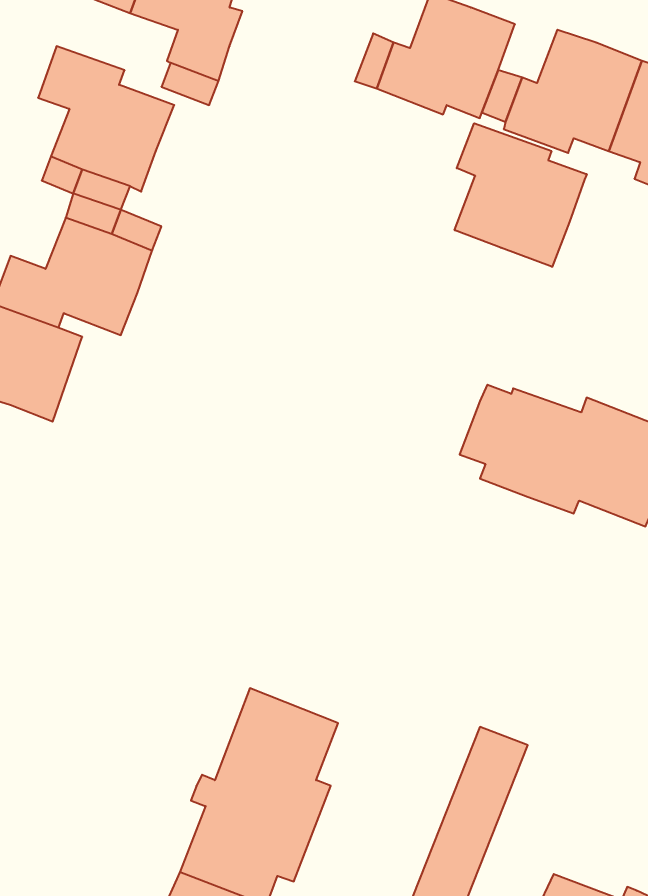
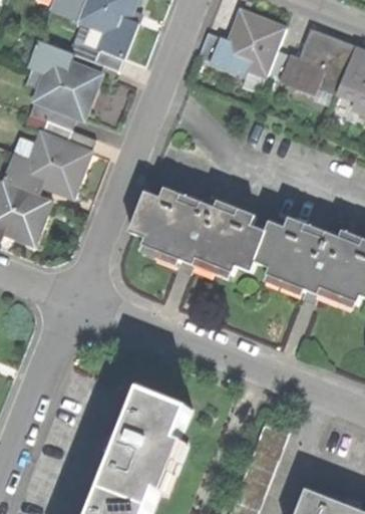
building: [455,123,587,267] -> none
building: none -> [132,192,267,271]

